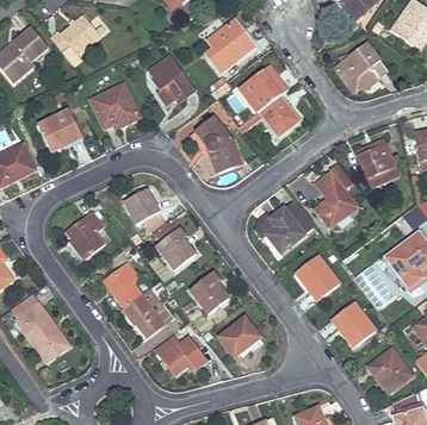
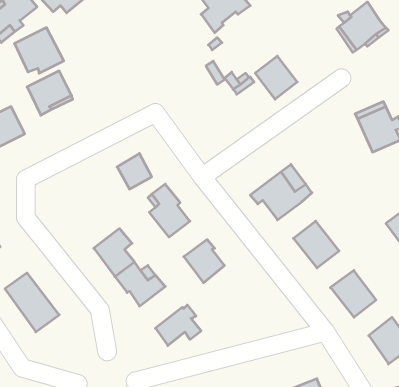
building: [149,56,196,106] -> none
building: [239,65,287,112] -> none
building: [92,85,140,129] -> [14,28,64,73]
building: [194,115,242,174] -> none
building: [315,164,357,230] -> none
building: [66,211,105,258] -> none
building: [219,318,260,357] -> none

